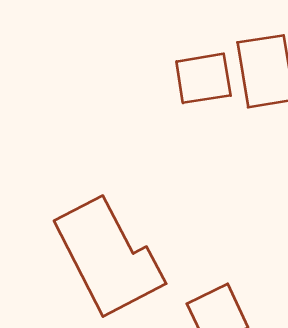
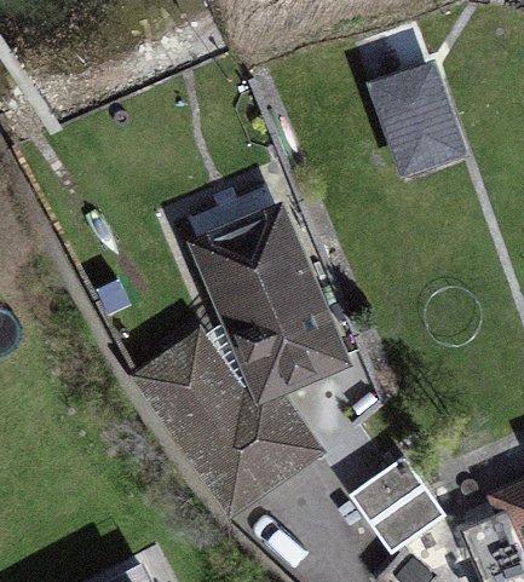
building: [177,54,231,103] -> none
building: none -> [192,214,347,403]

